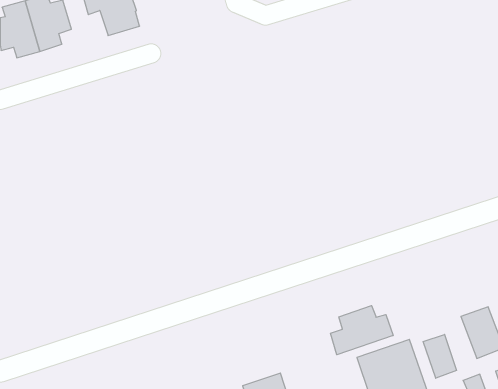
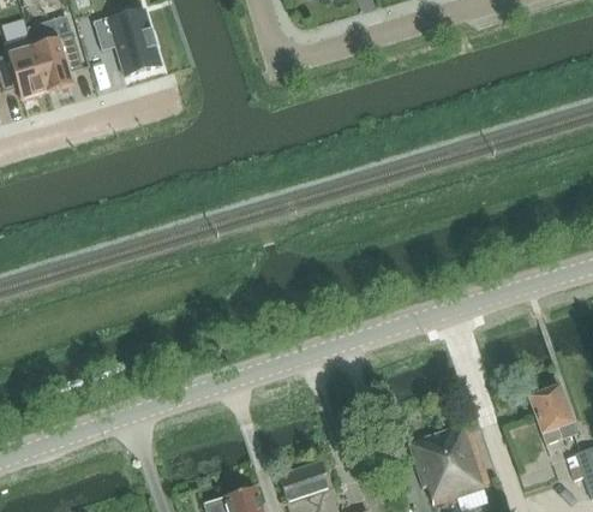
building: [331,306,393,355] -> none
building: [423,334,457,378] -> none

